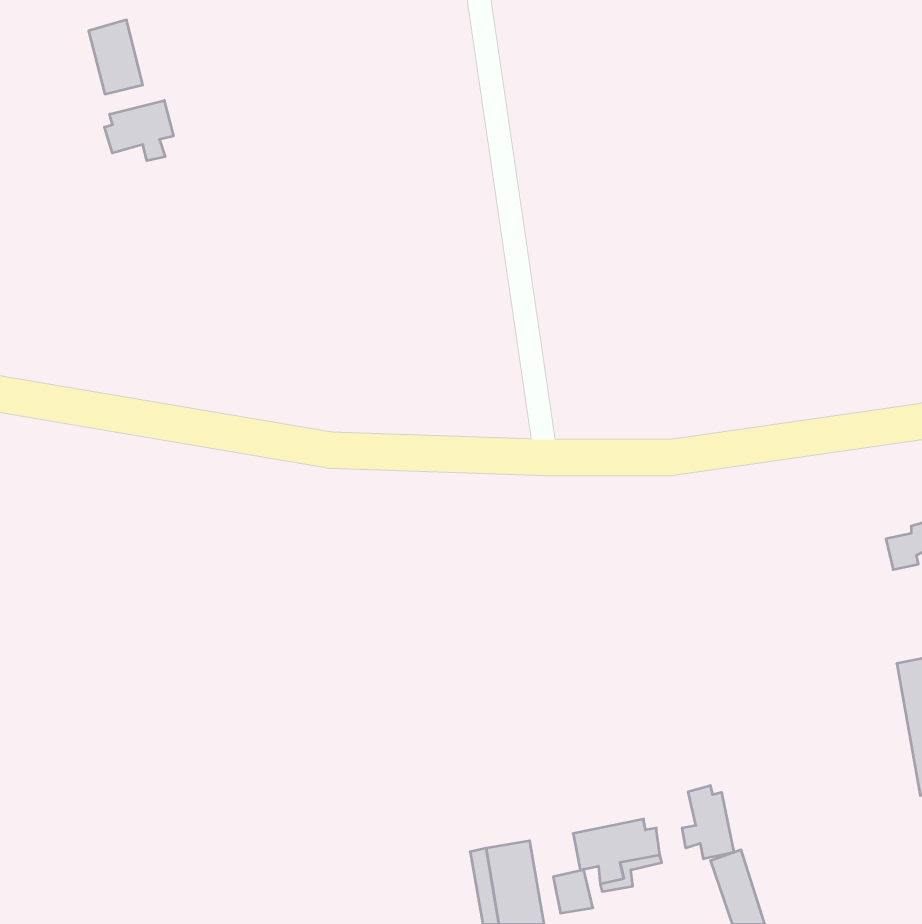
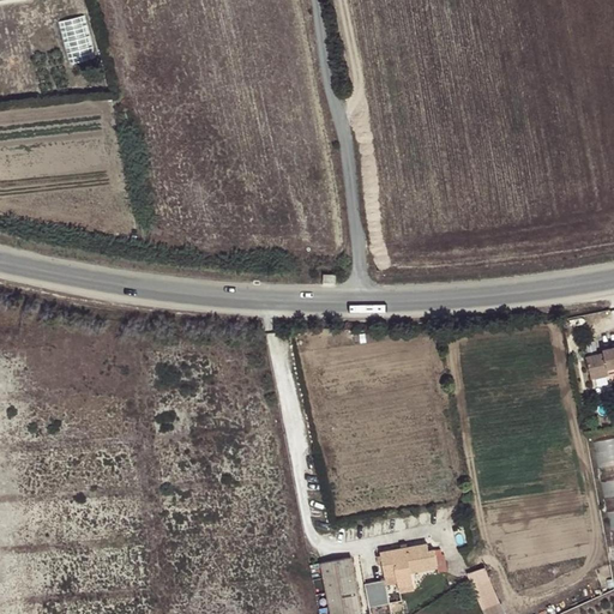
building: [104,100,173,161] -> none
building: [682,785,734,859] -> none

